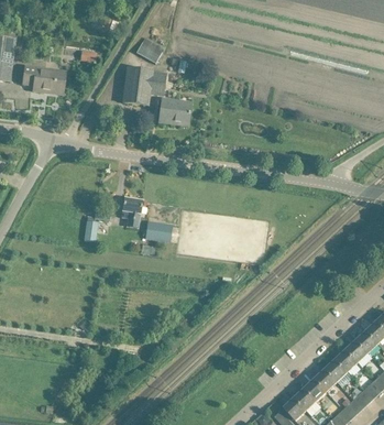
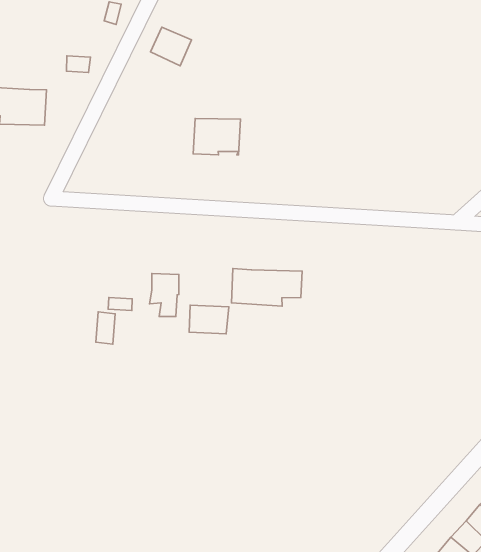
building: [122,66,166,105] -> none
building: none -> [232,268,302,306]

